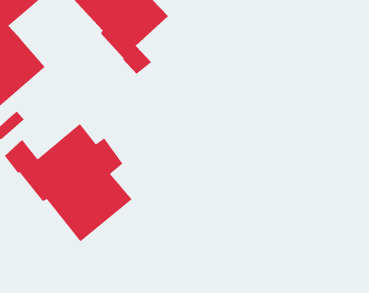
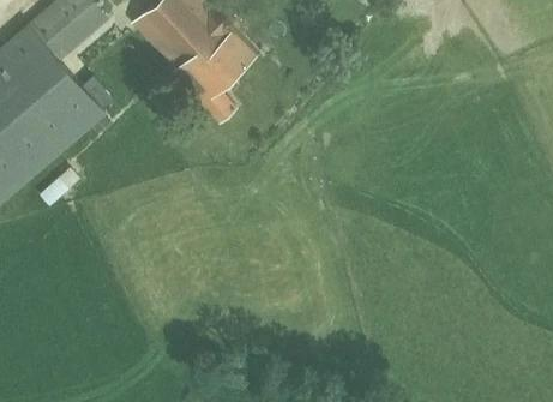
building: [4,123,133,242] -> none

